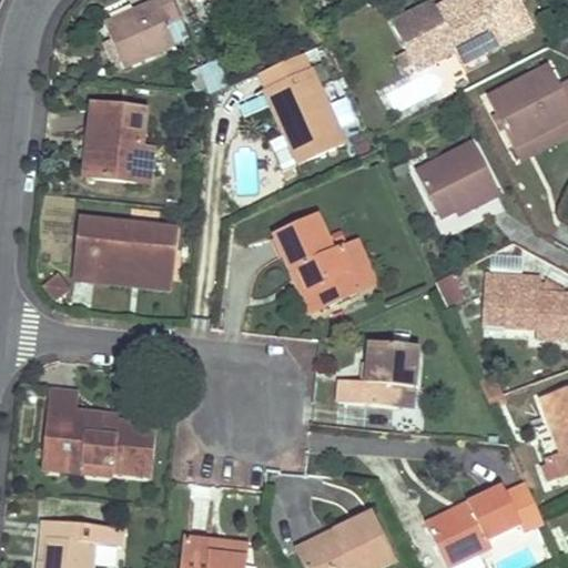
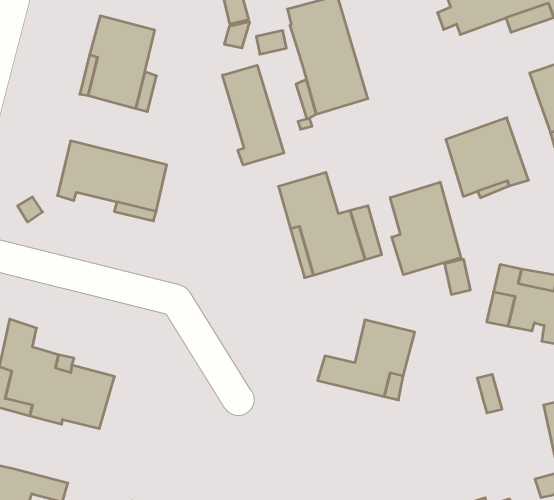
building: none -> [222,65,284,165]
building: none -> [390,182,461,275]

